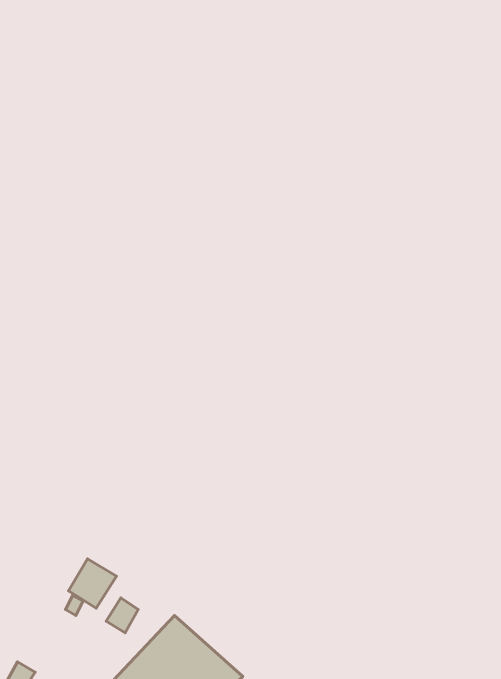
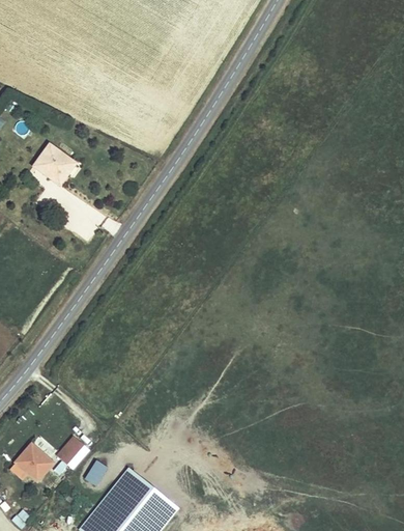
building: none -> [32,145,73,184]
building: none -> [16,443,52,478]

